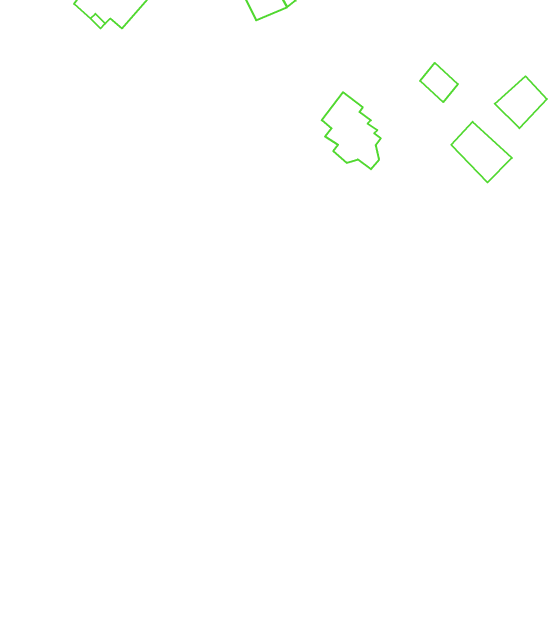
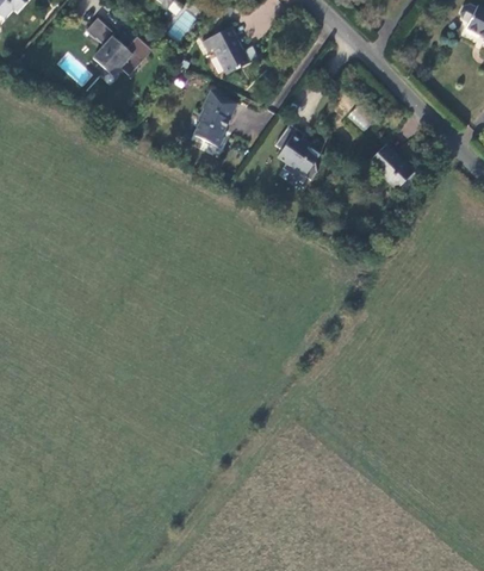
building: none -> [193,87,238,145]
building: [495,76,547,128] -> none

